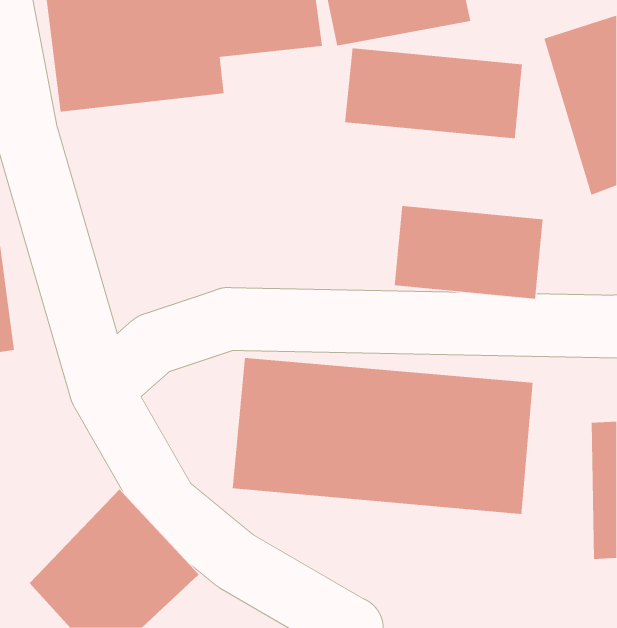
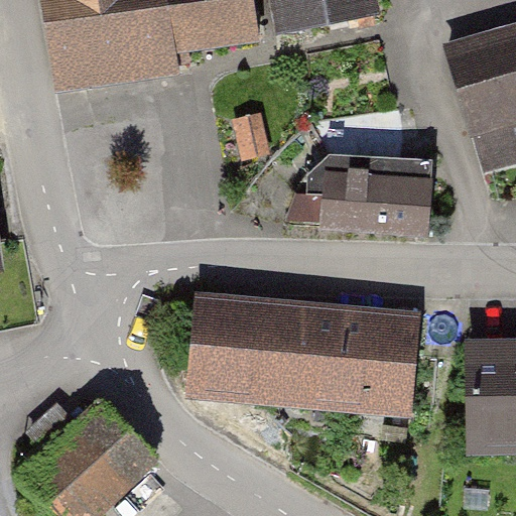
building: [345,47,523,139] -> none

